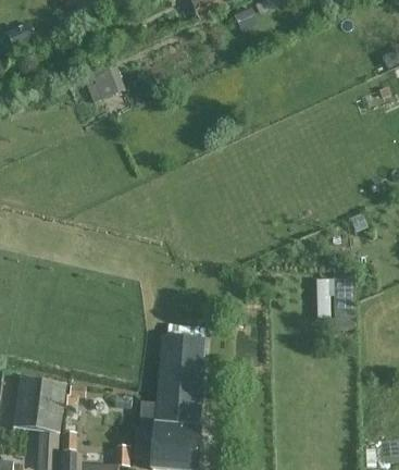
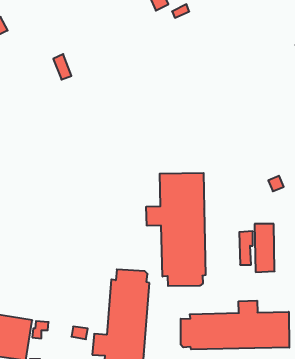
building: none -> [146,173,206,286]
building: none -> [181,301,289,349]

